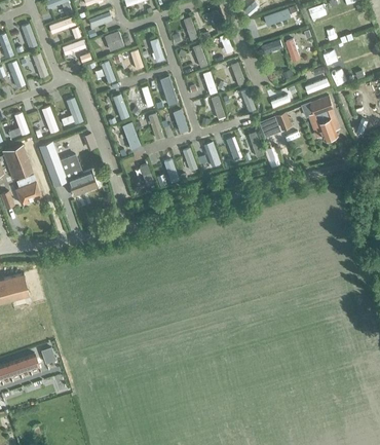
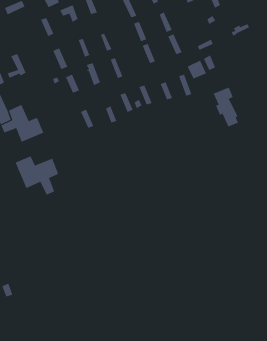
building: [310,96,337,140] -> [213,87,239,127]
building: none -> [15,155,59,196]

